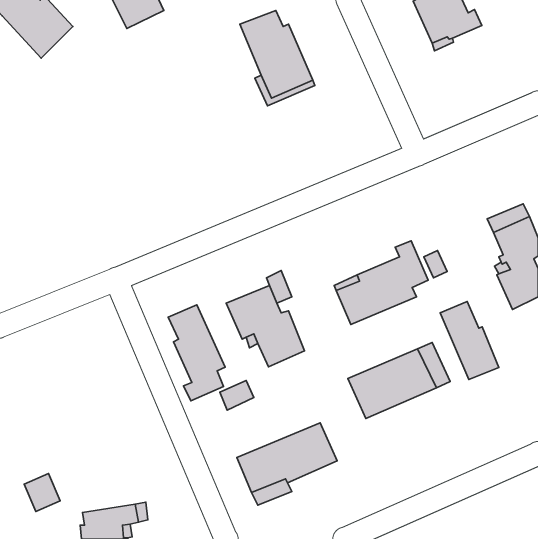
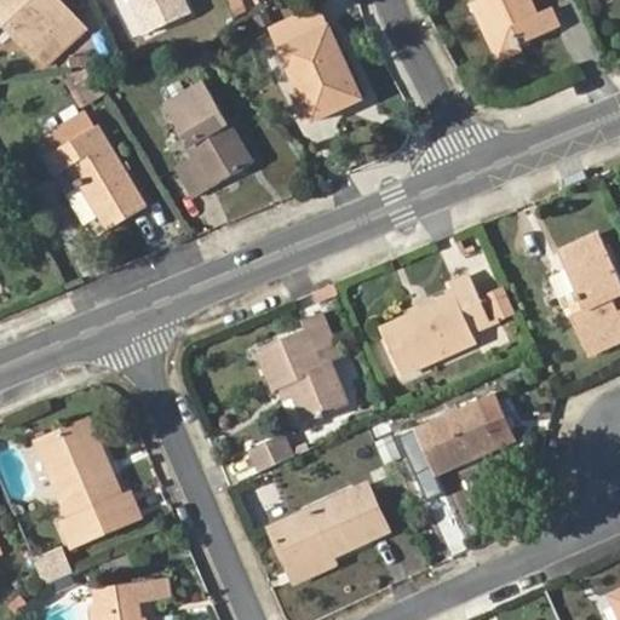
building: none -> [163,82,251,196]
building: none -> [42,113,145,229]
building: [440,301,499,379] -> none
building: [168,305,225,401] -> none
building: none -> [38,419,138,541]

